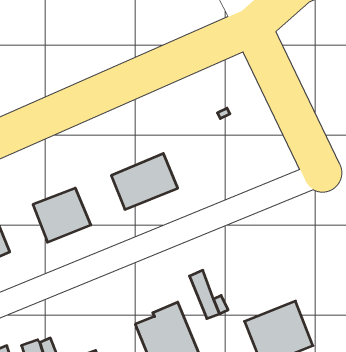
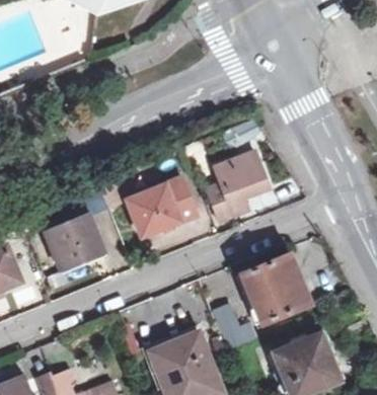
building: none -> [202,154,266,221]
building: none -> [242,255,309,323]

